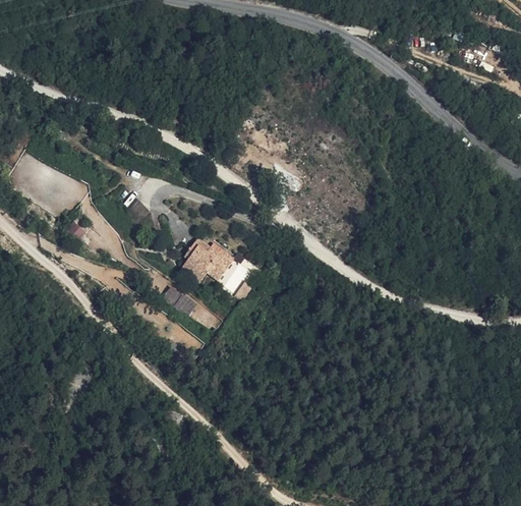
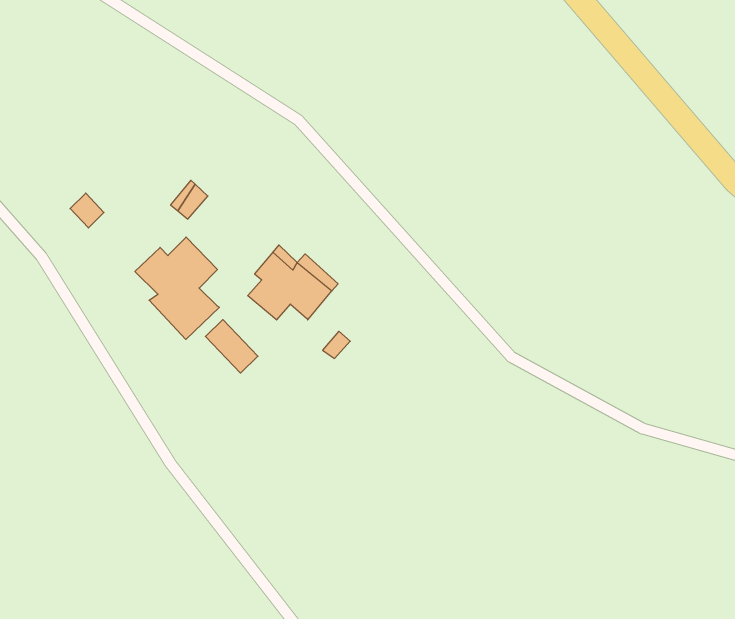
building: none -> [135,237,219,339]

